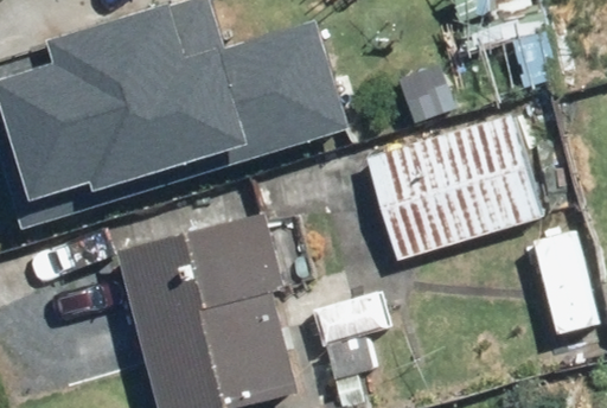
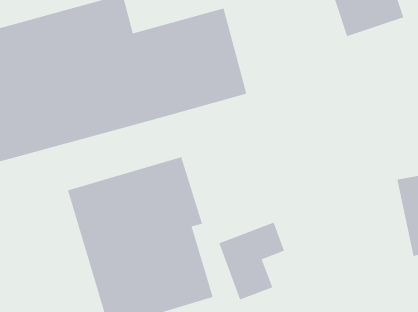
building: [370,111,539,257] -> none

